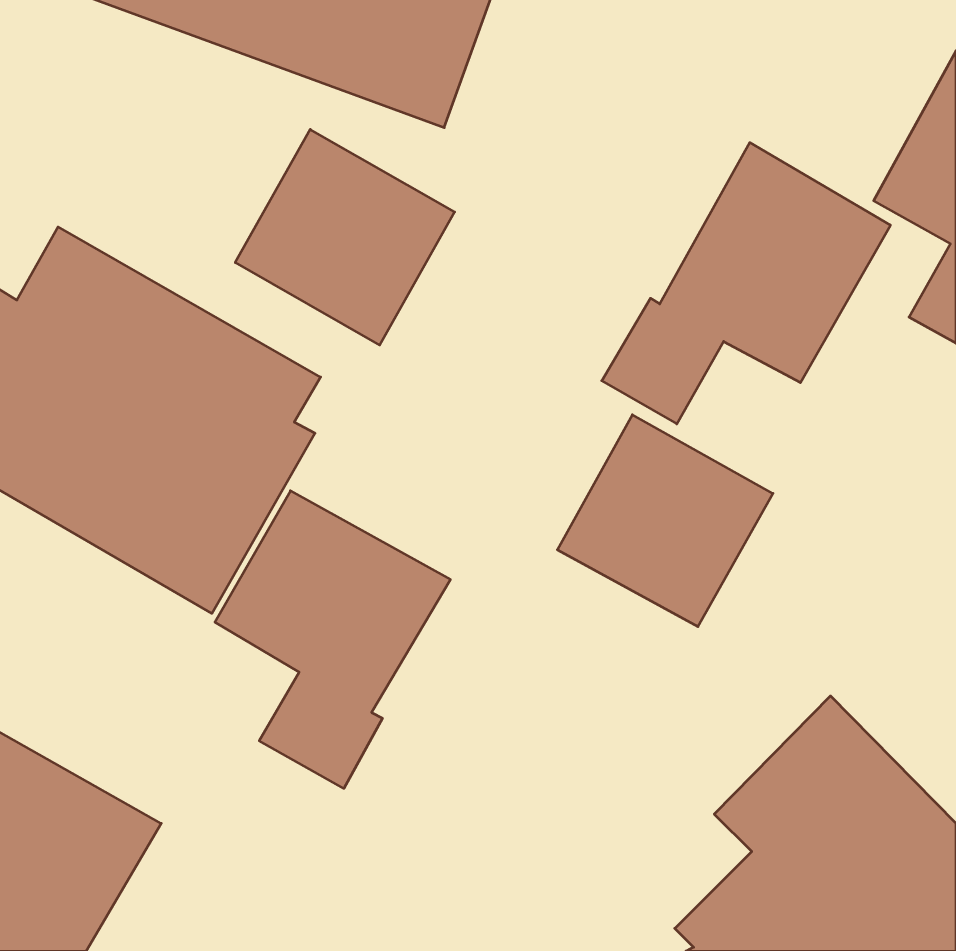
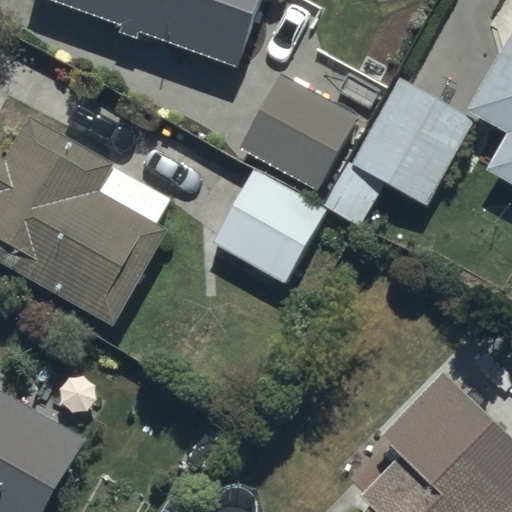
building: [235,129,455,345] -> [242,74,359,189]
building: [557,415,773,627] -> [211,169,326,282]
building: [215,491,450,788] -> none

